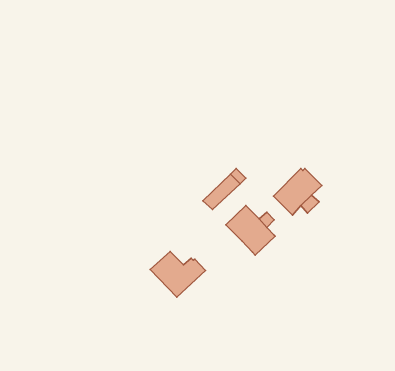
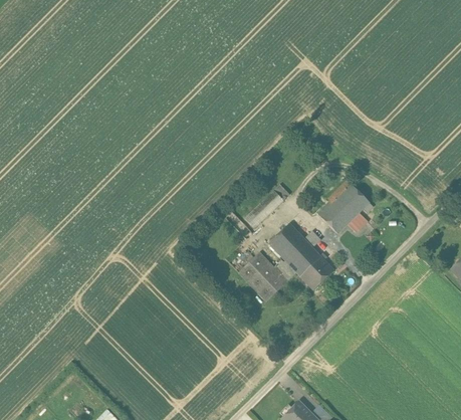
building: none -> [298,253,333,290]
building: [150,252,205,297] -> [237,253,295,301]

